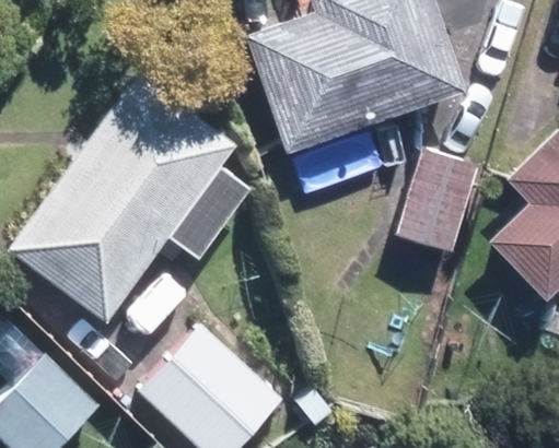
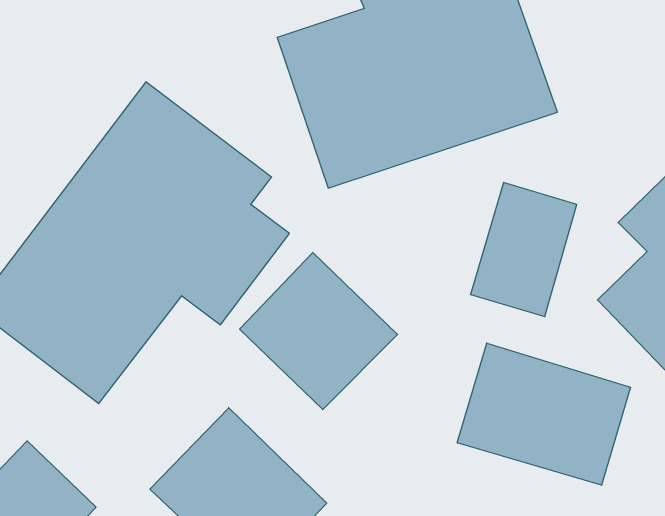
building: none -> [240,253,398,410]
building: none -> [457,343,631,485]

